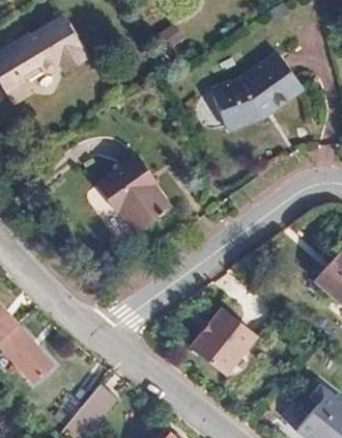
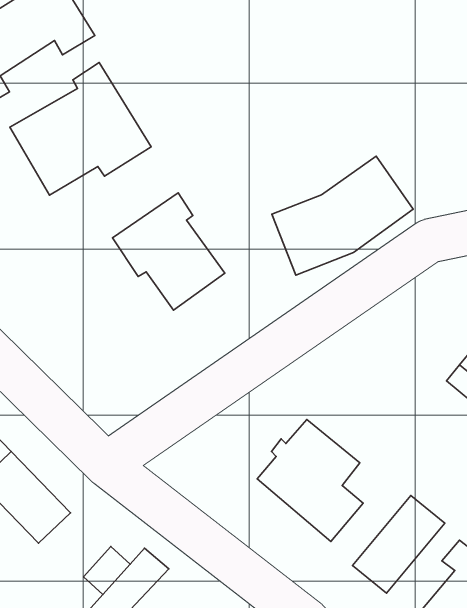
building: [207,56,298,133] -> [272,156,413,275]
building: none -> [10,62,151,195]
building: none -> [352,495,445,593]

